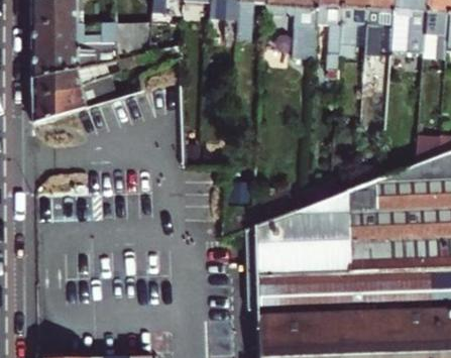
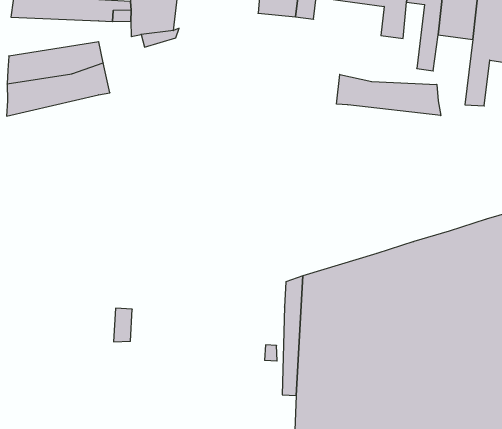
building: [34,47,99,77] -> none
building: none -> [337,74,441,116]

